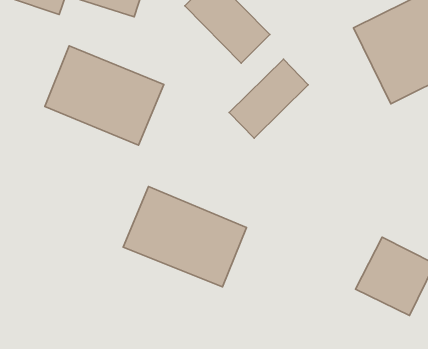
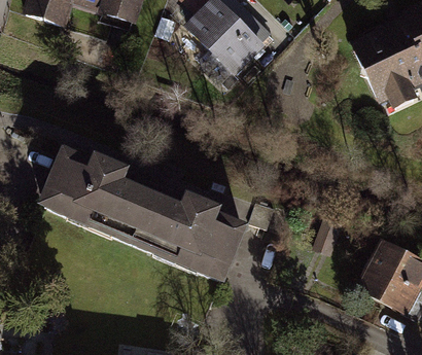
building: [45,46,164,145] -> [43,151,154,244]
building: [229,59,308,138] -> none

